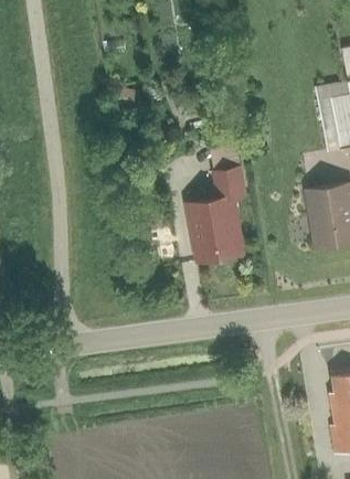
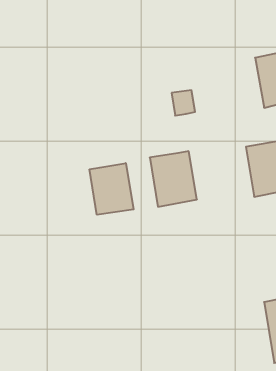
building: [218,169,246,200] -> [172,90,195,116]
building: none -> [90,163,134,215]

